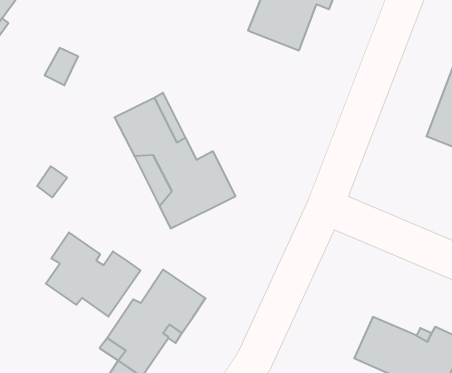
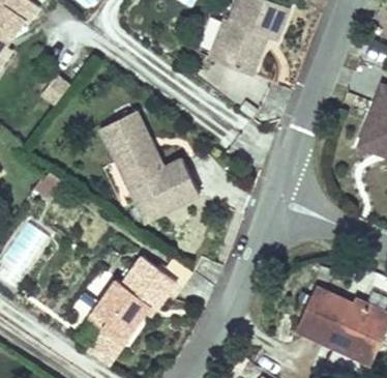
building: [46,232,140,317] -> none

